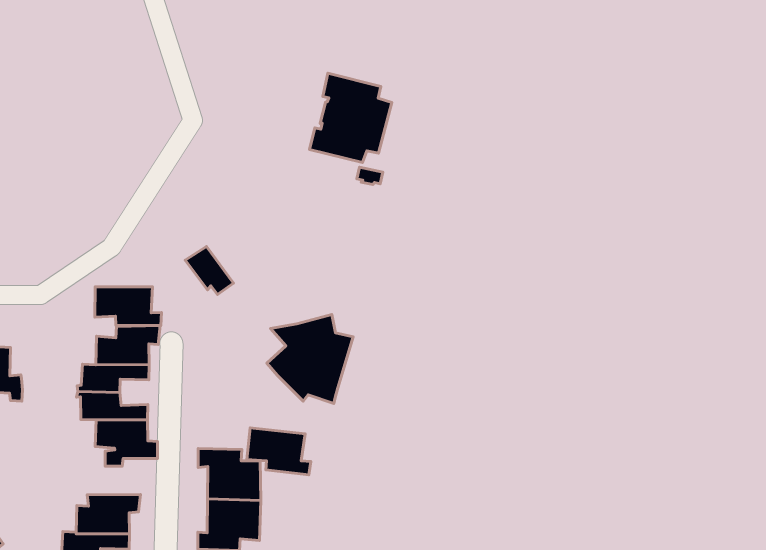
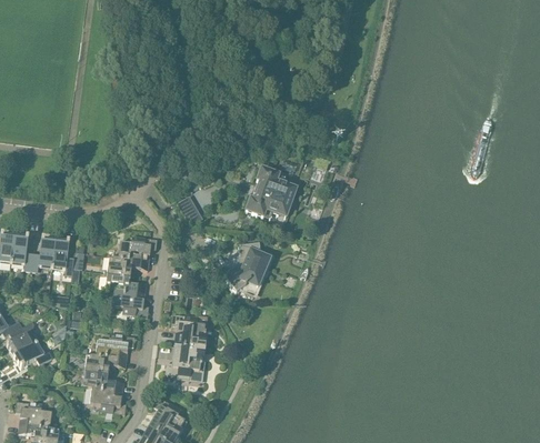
building: [310,73,392,163] -> [246,167,297,221]
building: [95,287,162,325] -> none
building: [247,428,311,475] -> none

